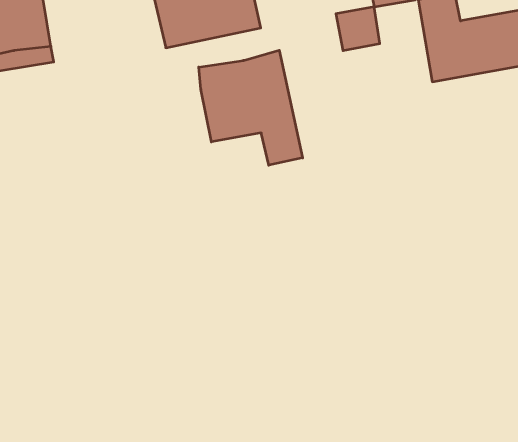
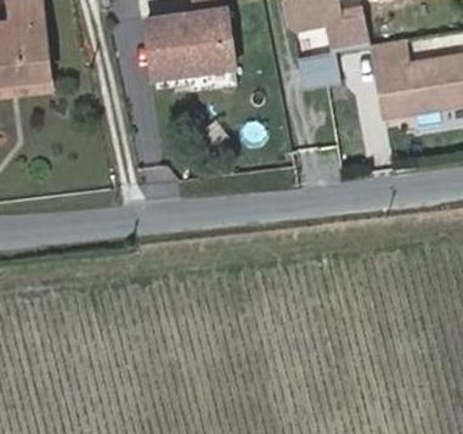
building: [199,50,303,165] -> none

